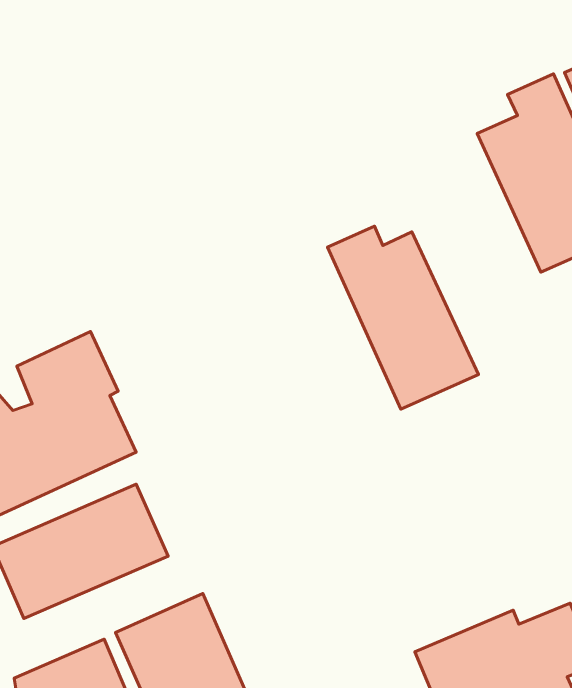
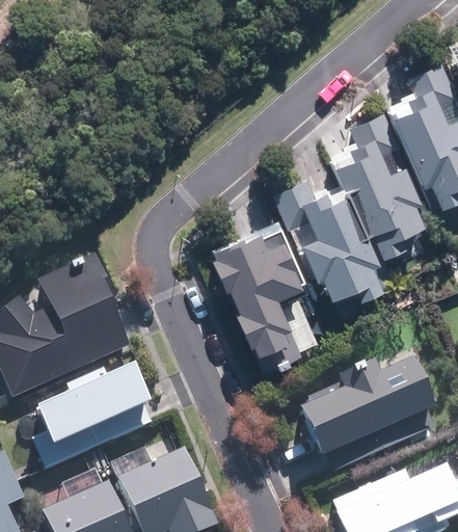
building: none -> [333,111,427,261]
building: none -> [209,221,303,372]
building: none -> [308,352,443,467]

